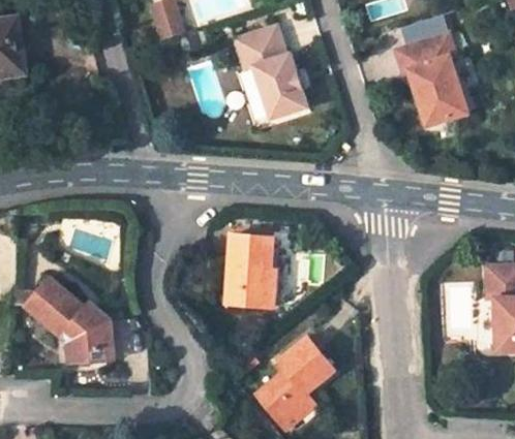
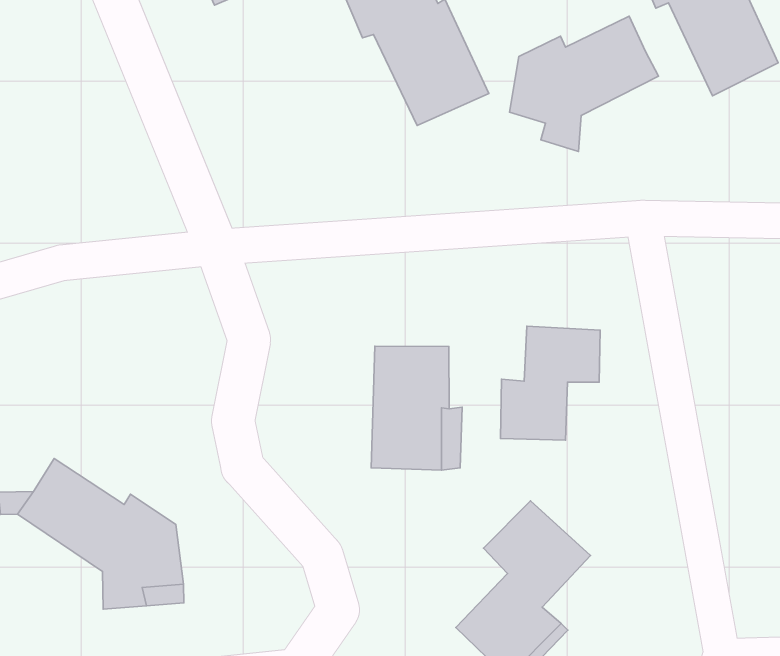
building: none -> [509,16,659,151]
building: none -> [501,326,600,440]

